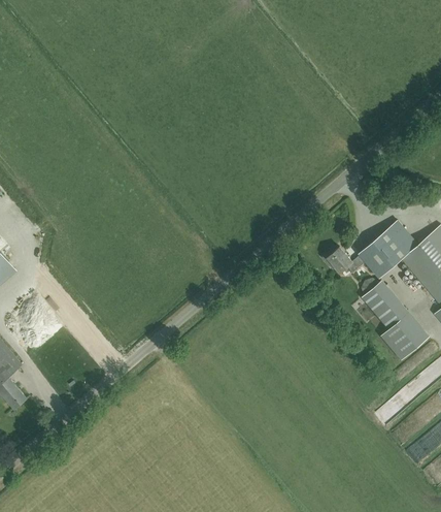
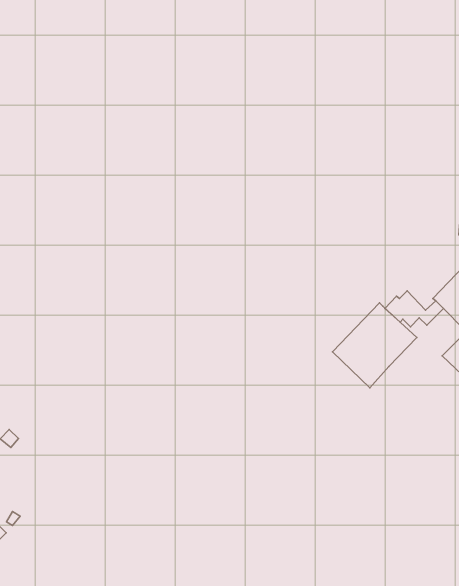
building: none -> [333,303,417,388]

